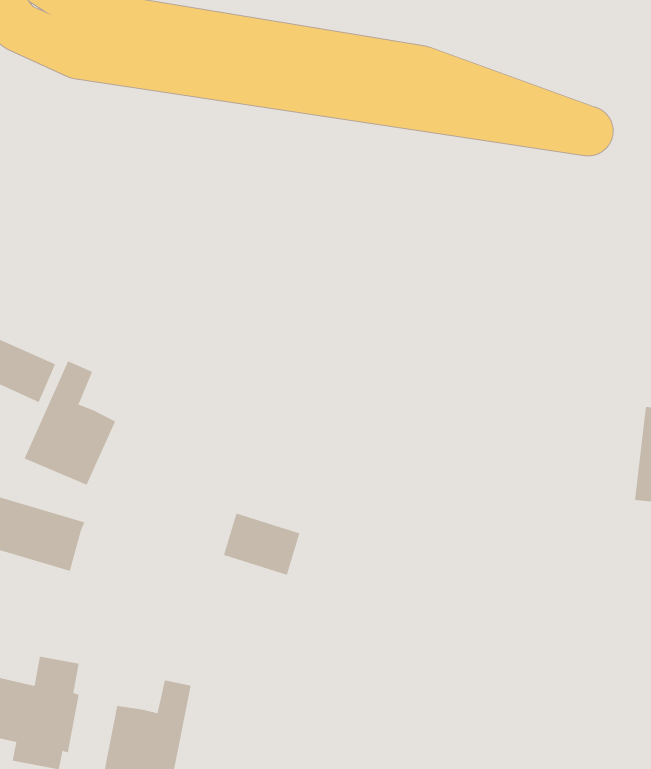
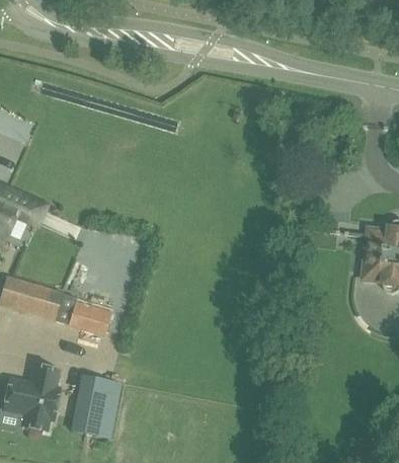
building: [24,360,116,485] -> none
building: [223,513,300,575] -> [68,300,110,334]

